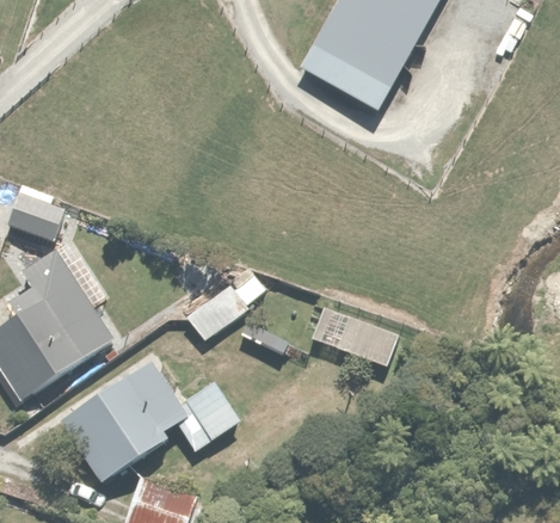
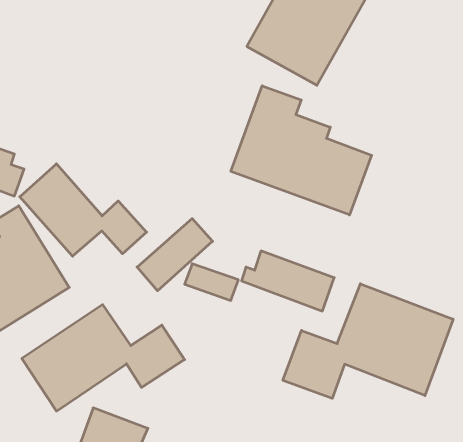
building: none -> [231,86,372,215]
building: none -> [20,164,147,256]
building: none -> [283,284,453,398]

